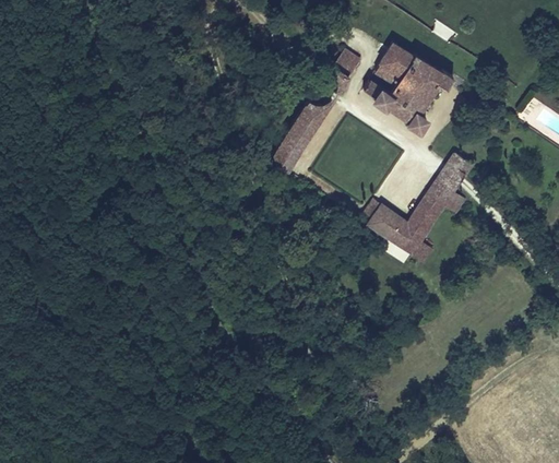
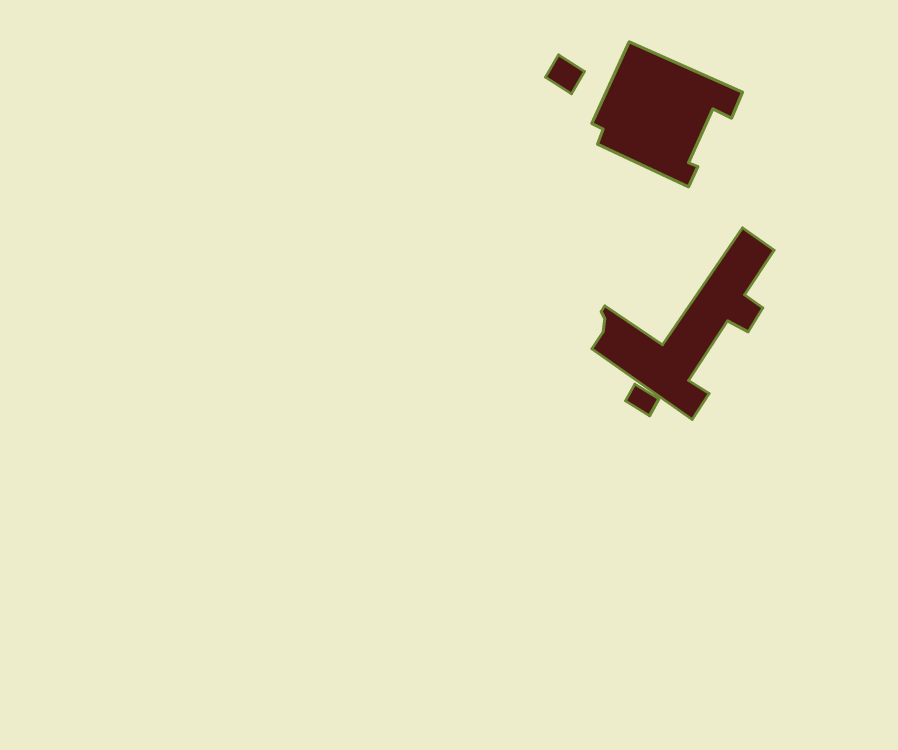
building: [276,71,352,175] -> none

